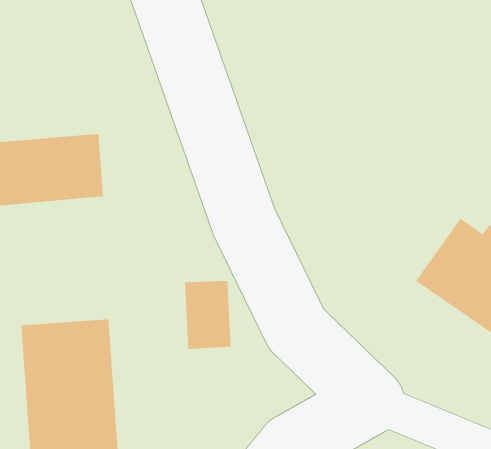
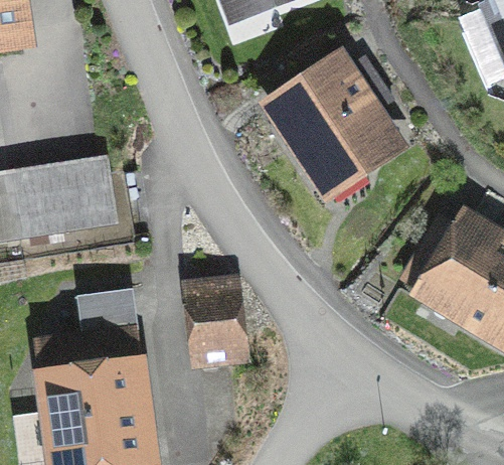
building: none -> [272,61,394,183]

